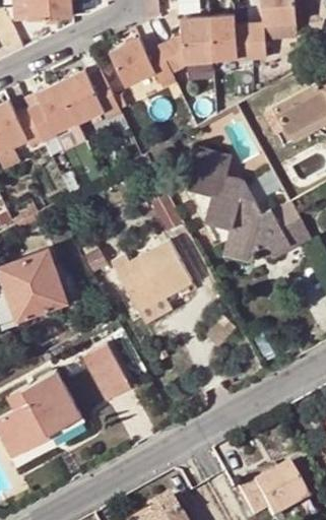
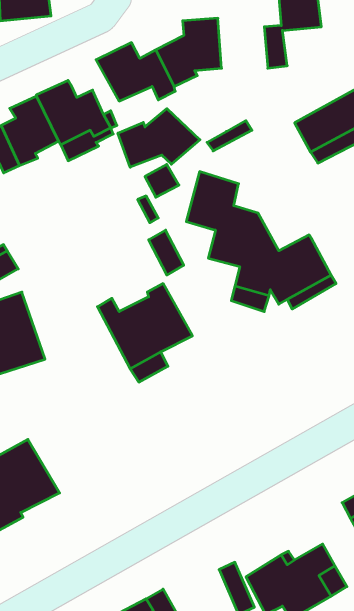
building: [211,16,253,62] -> none
building: none -> [118,109,200,167]
building: [82,343,129,399] -> none

